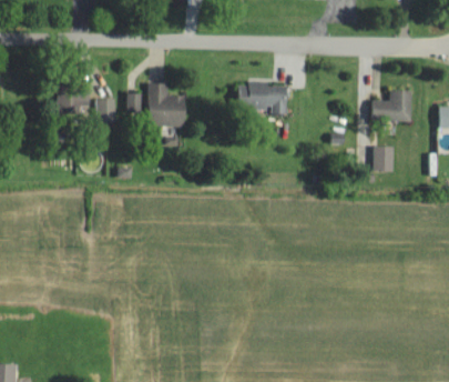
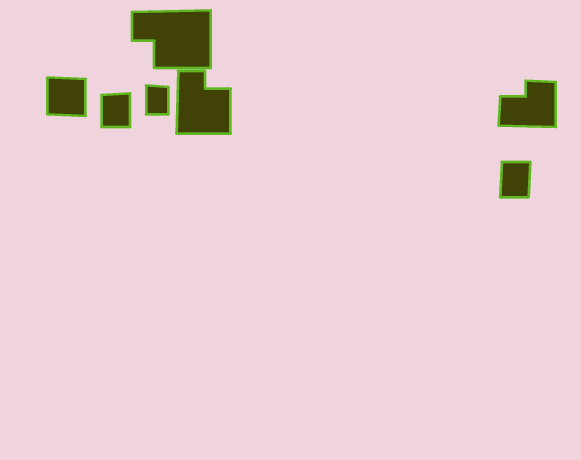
building: none -> [132,10,211,68]
building: [238,80,287,113] -> none

